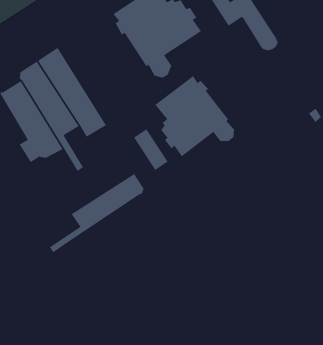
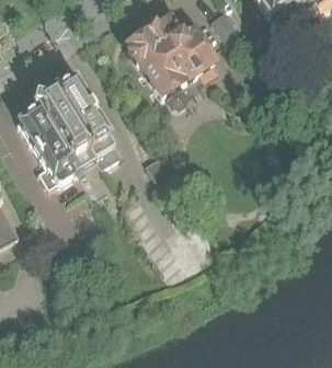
building: [155,75,234,157] -> none
building: [49,173,144,253] -> none

